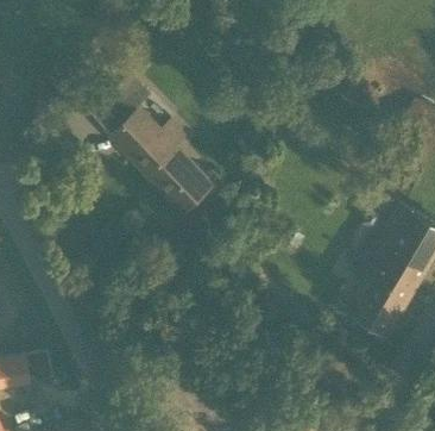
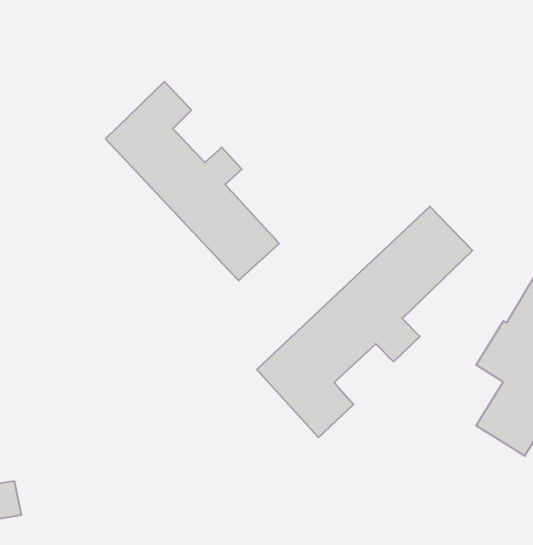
building: none -> [257,206,472,437]

